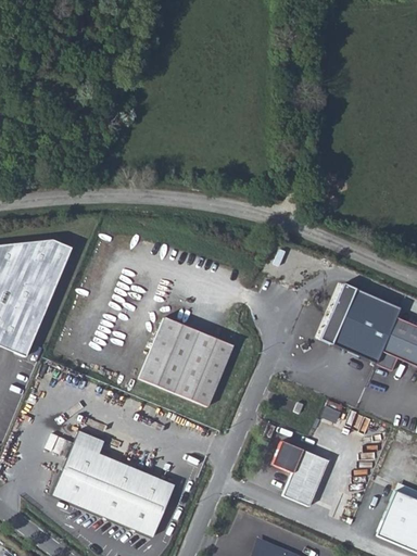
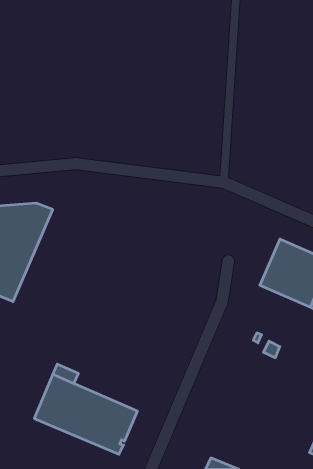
building: [139,318,232,407] -> none
building: [273,441,329,507] -> none

